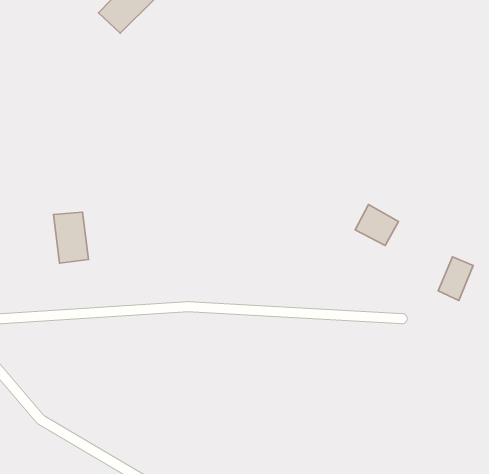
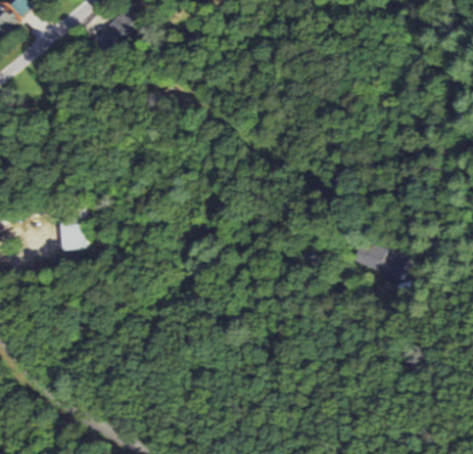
building: [355,204,399,246] -> [351,237,388,272]

